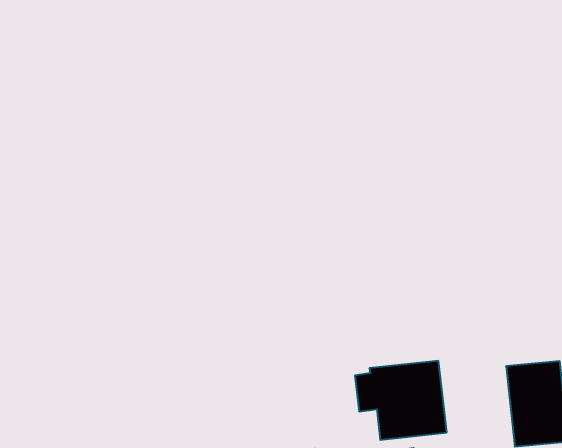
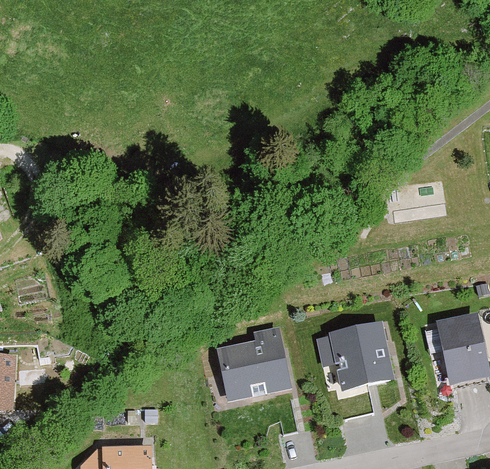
building: none -> [216,326,291,401]

